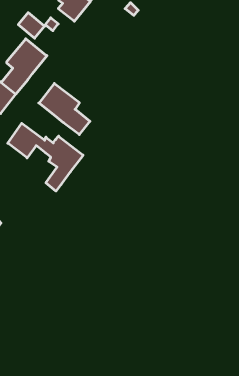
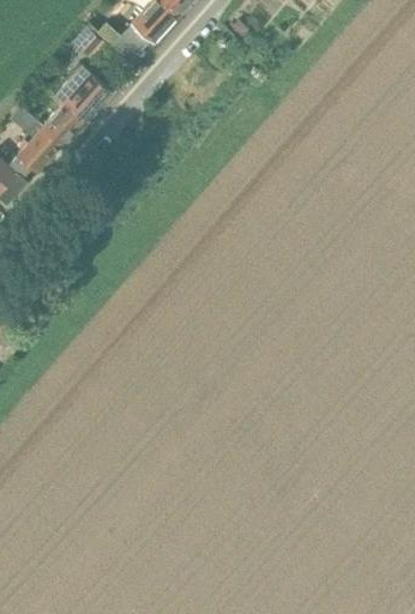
building: [39,83,90,135] -> none
building: [8,123,83,191] -> none

